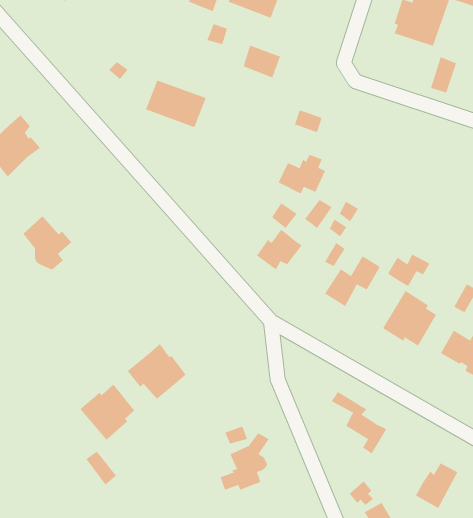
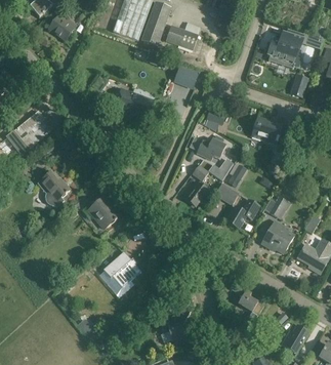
building: none -> [251,116,282,144]
building: none -> [88,196,119,229]
building: [80,384,135,440] -> none

